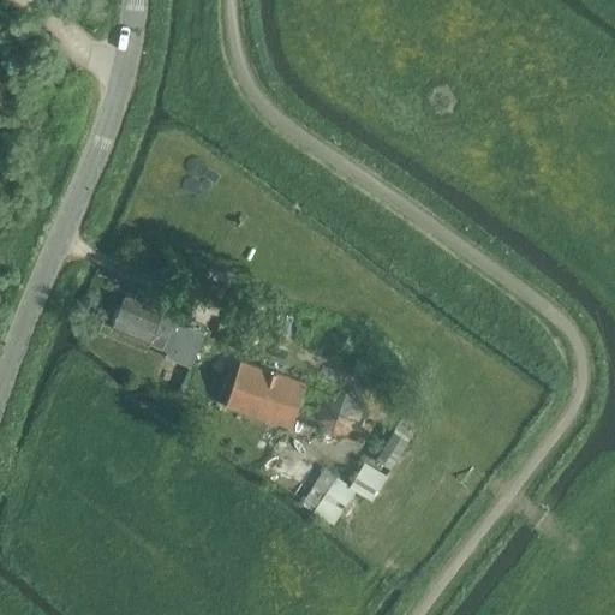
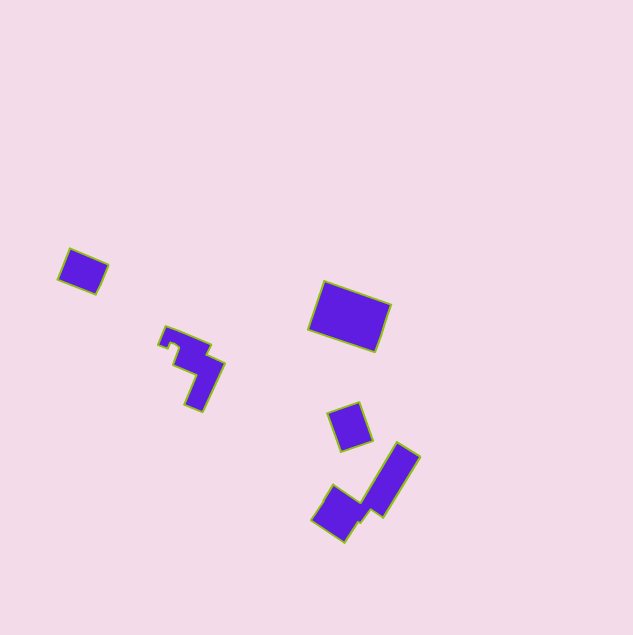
building: [111,299,160,344] -> [57,248,108,295]
building: [223,359,304,428] -> [308,281,391,352]

